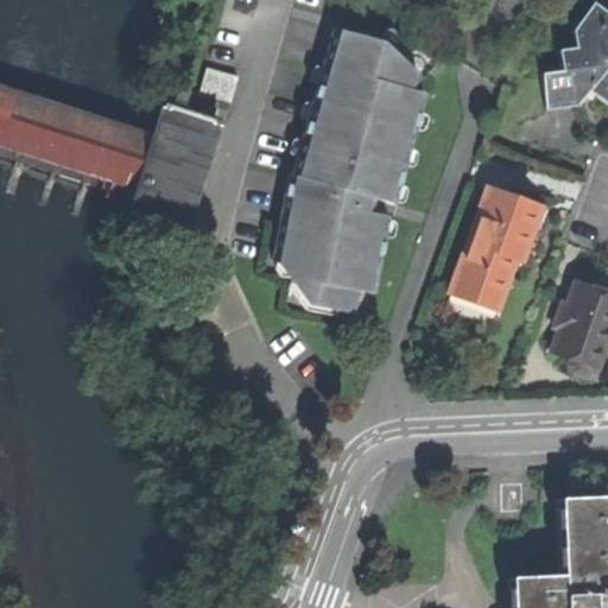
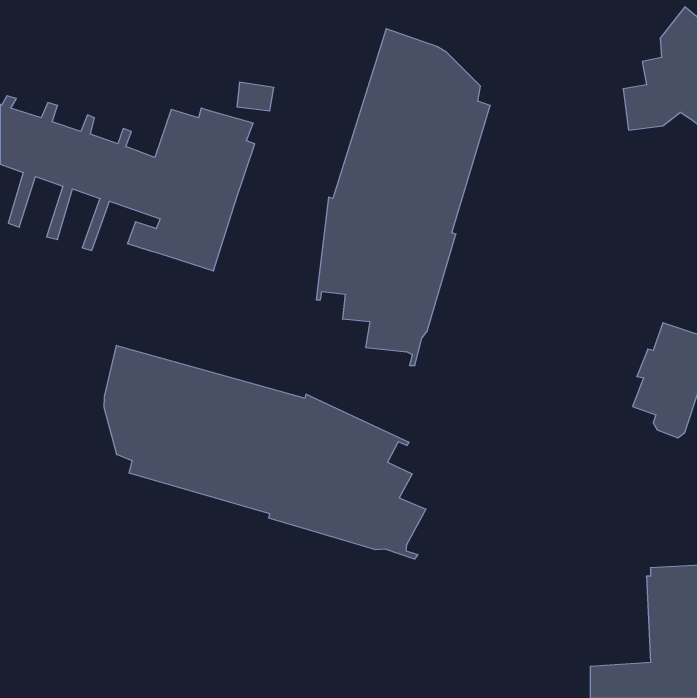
building: [457,189,545,303] -> none
building: none -> [104,345,426,559]

